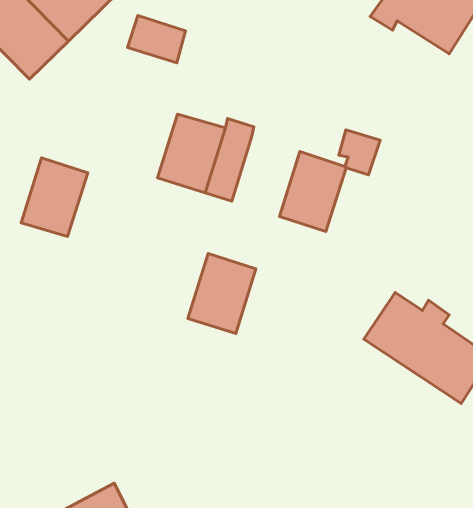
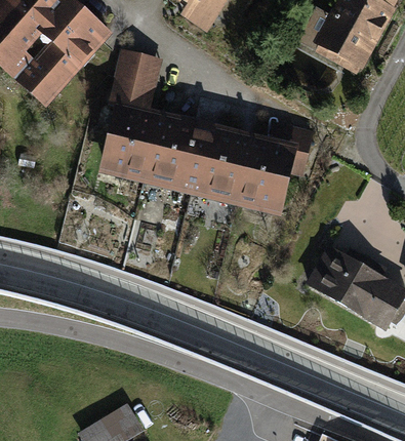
building: none -> [110,75,155,110]
building: [21,158,88,237] -> [110,114,158,172]
building: [188,254,256,334] -> [203,136,252,196]

